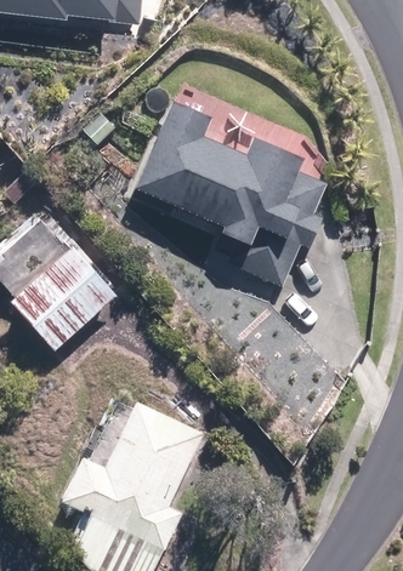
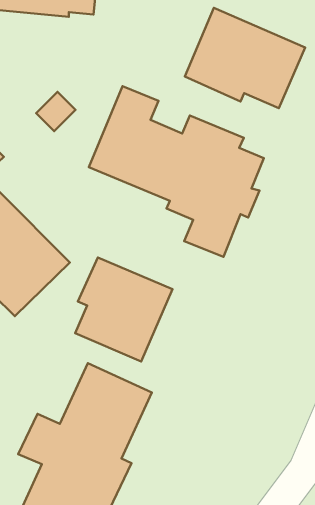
building: none -> [185,8,305,108]
building: none -> [75,258,172,362]

